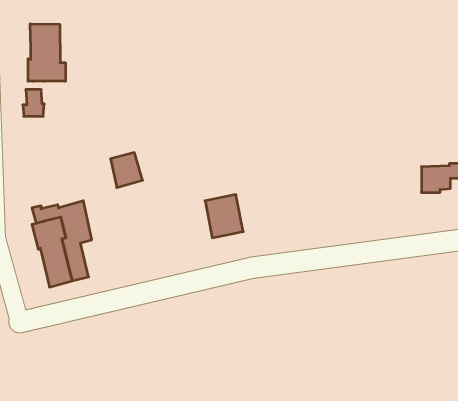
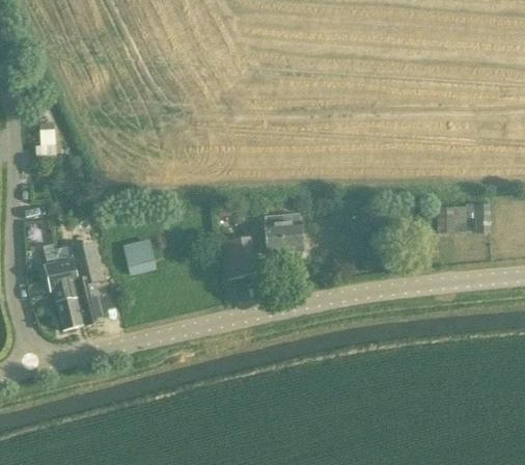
building: [28,24,65,81] -> none
building: [111,153,143,188] -> [123,239,156,274]
building: none -> [265,214,302,253]

